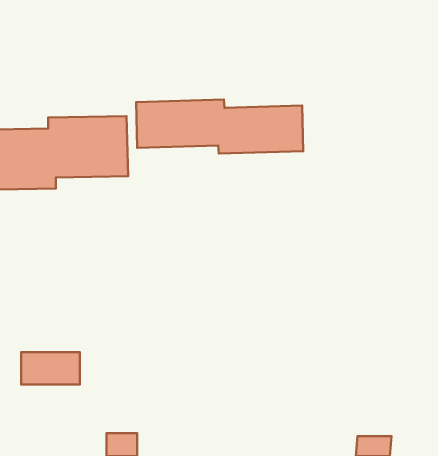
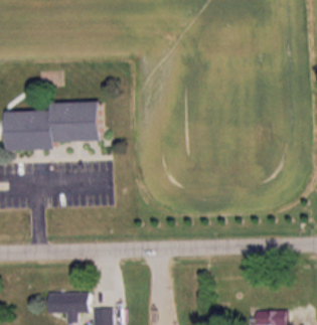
building: [136,100,303,154] -> none
building: [21,352,80,385] -> [47,293,86,314]

